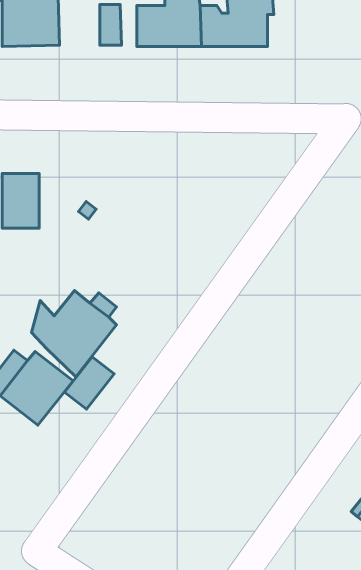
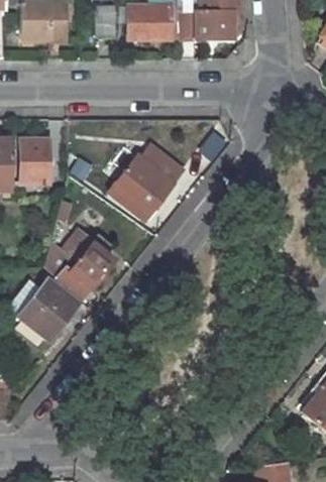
building: none -> [110,146,184,220]
building: [64,357,114,409] -> none

